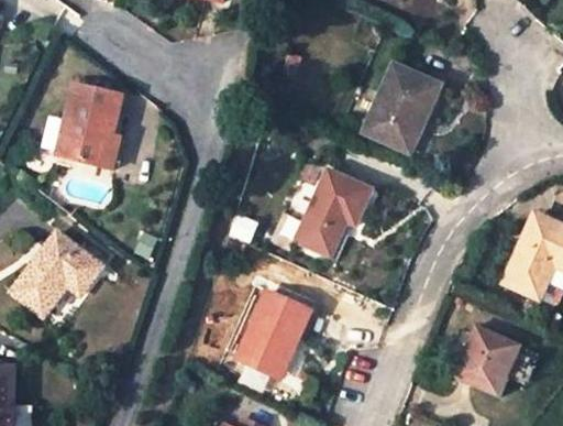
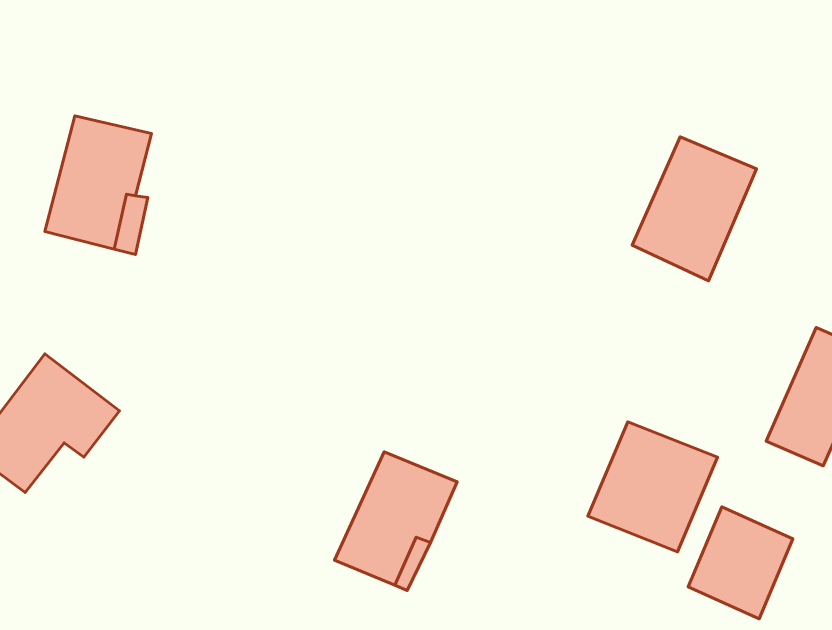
building: [362,63,439,152] -> [632,137,756,281]
building: [294,170,373,255] -> none
building: none -> [588,422,717,552]

